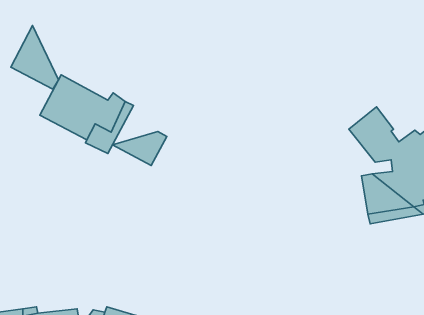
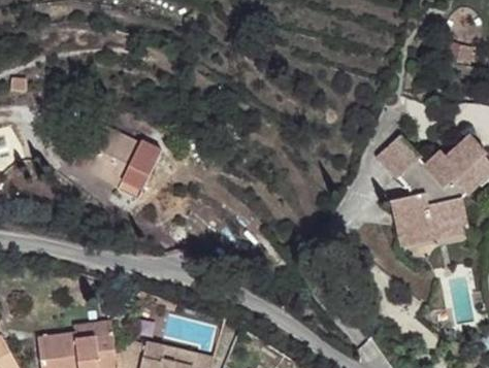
building: [11,26,58,89] -> none
building: [113,131,167,165] -> none

